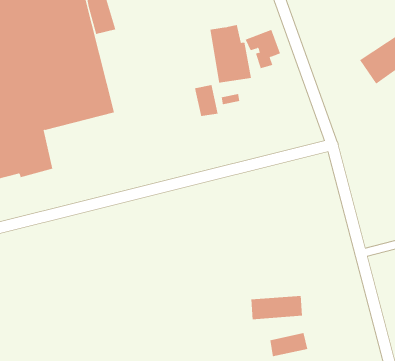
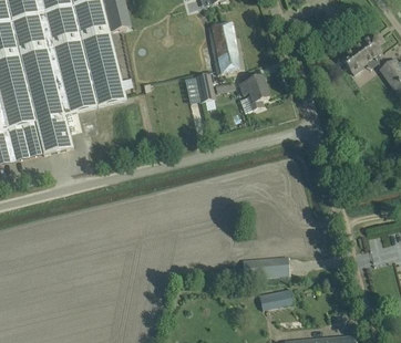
building: [245,29,281,69] -> [238,75,269,110]

